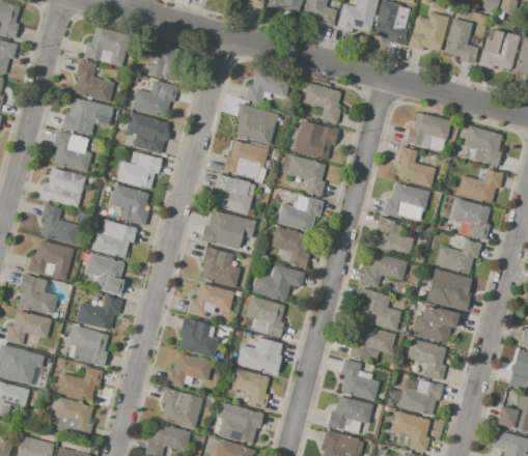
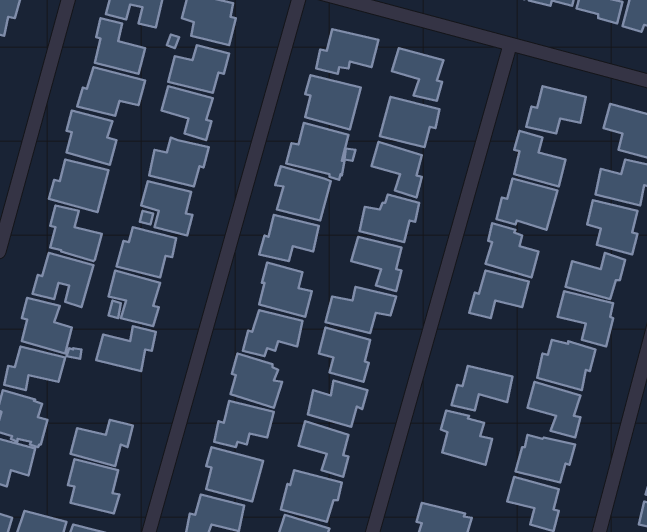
building: [357,288,400,331] -> none
building: [67,324,109,366] -> none
building: [327,395,372,434] -> none

